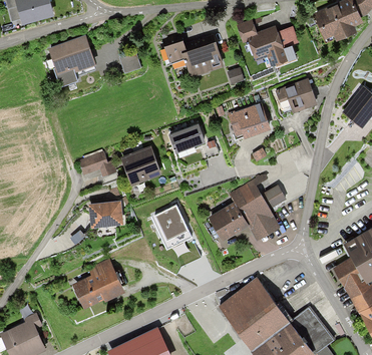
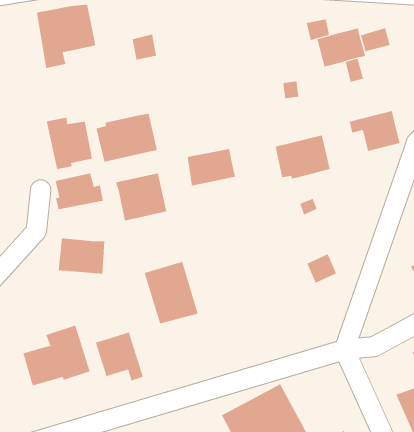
building: [166,38,223,80] -> none
building: none -> [96,113,158,162]
building: none -> [46,117,92,170]
building: [210,178,280,241] -> none
building: none -> [95,331,143,381]

